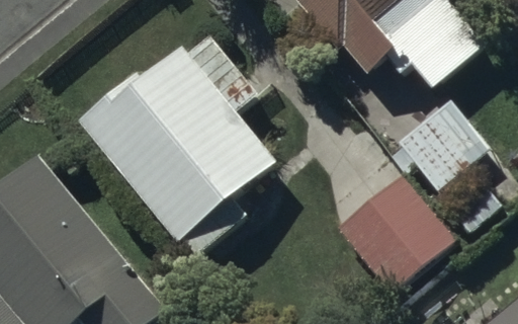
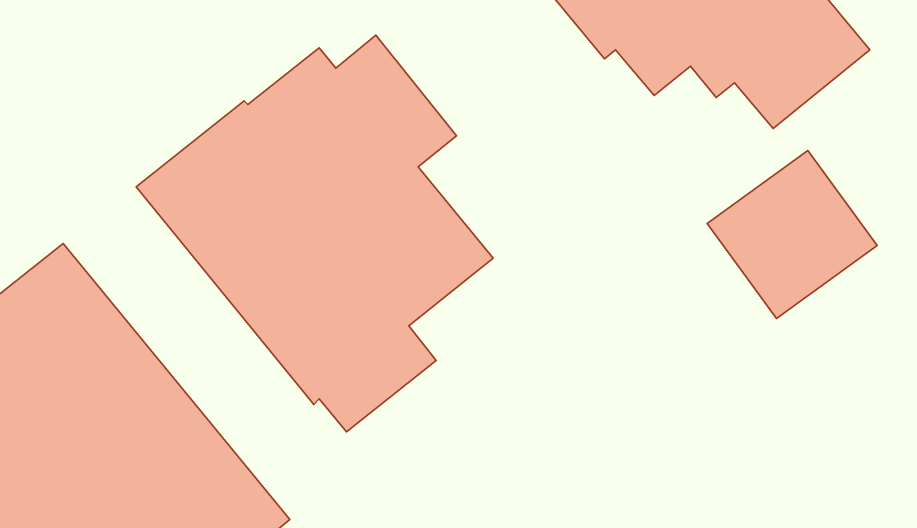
building: [337,175,454,293] -> none

